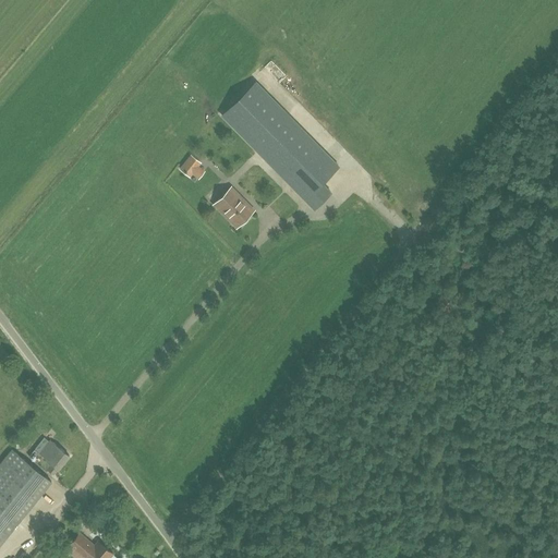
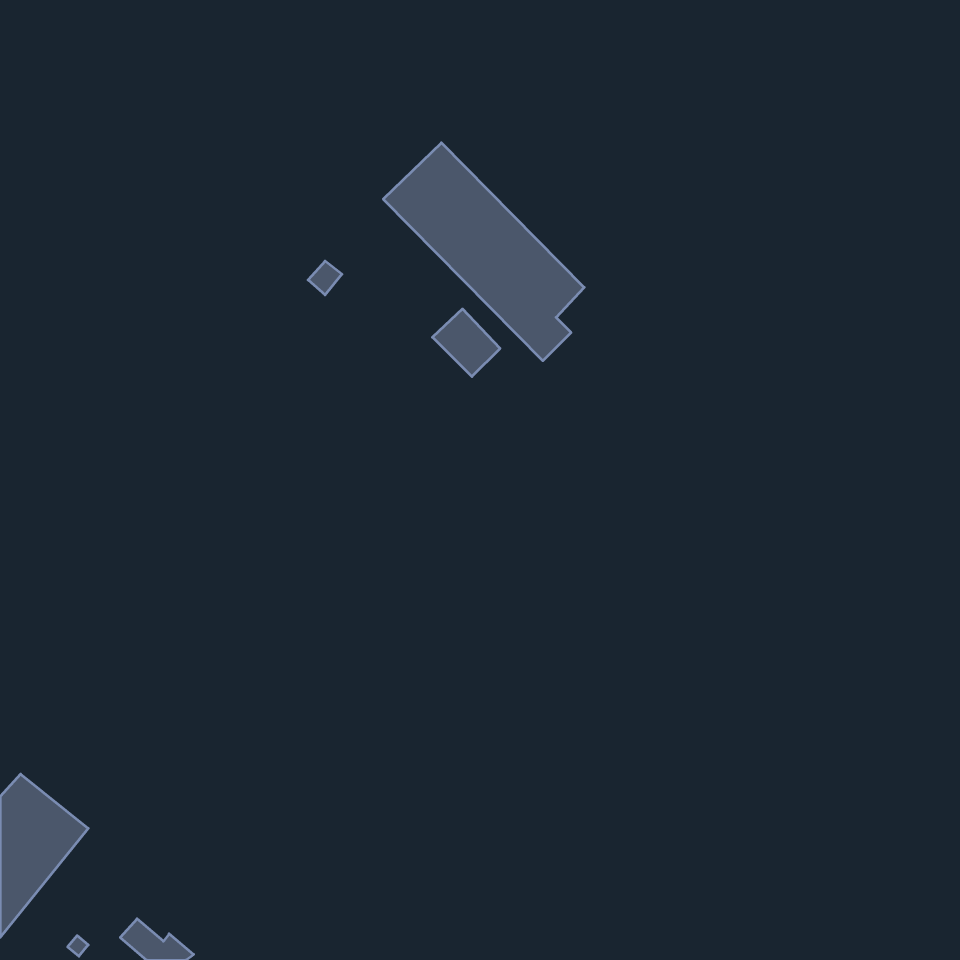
building: [214,187,253,227] -> [432,309,500,377]
building: [35,440,70,474] -> none

